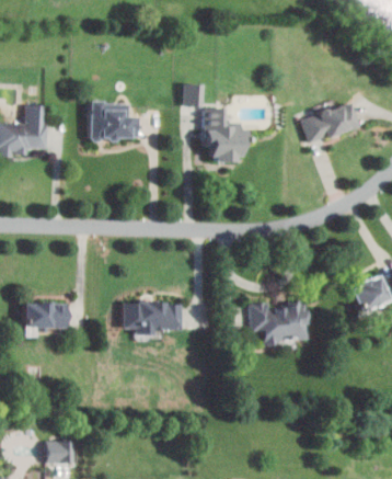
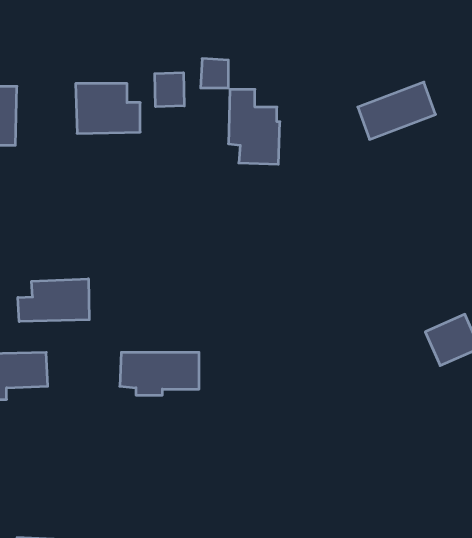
building: none -> [155,73,184,107]
building: none -> [18,279,89,322]
building: [249,303,308,344] -> none

